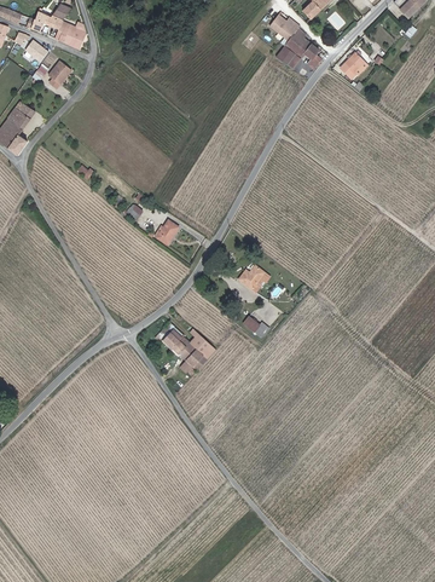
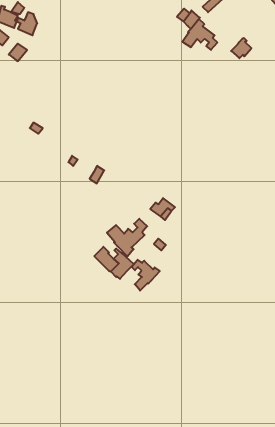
building: none -> [107,219,147,256]
building: none -> [131,260,160,291]

